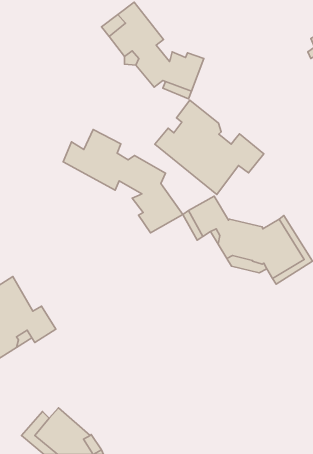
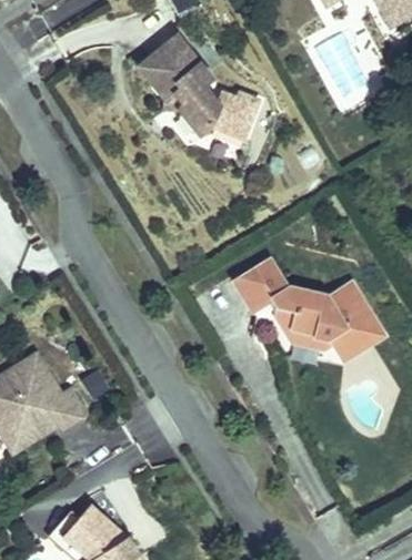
building: [155,100,264,194] -> none
building: [63,129,183,233] -> none

